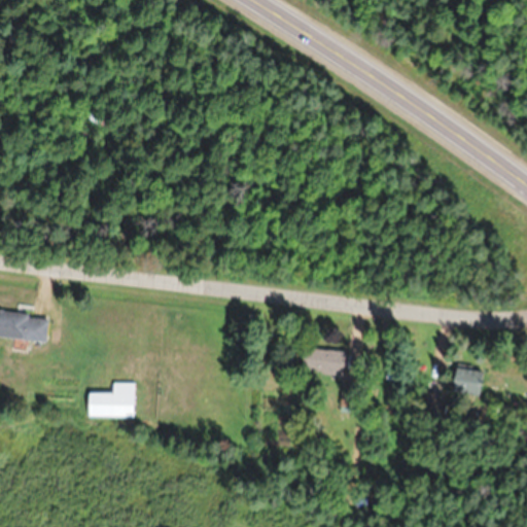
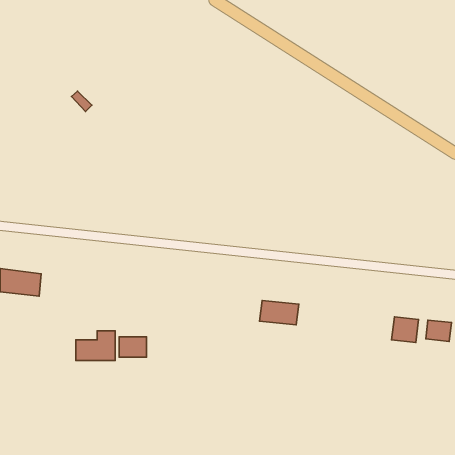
building: none -> [426,320,451,341]
building: none -> [119,337,146,357]

